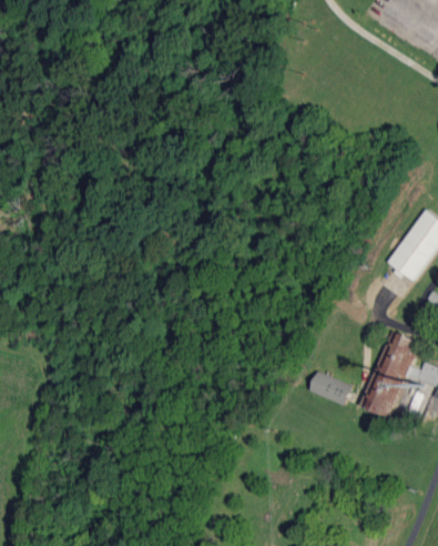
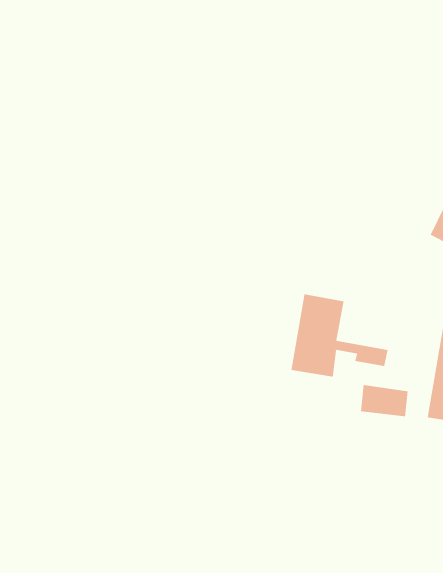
building: none -> [291,294,388,377]

